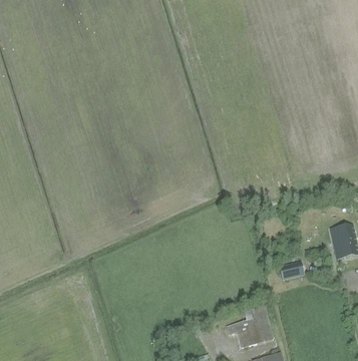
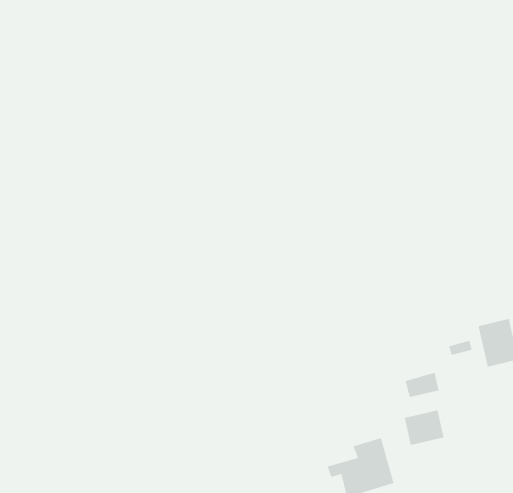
building: none -> [403,409,446,446]

